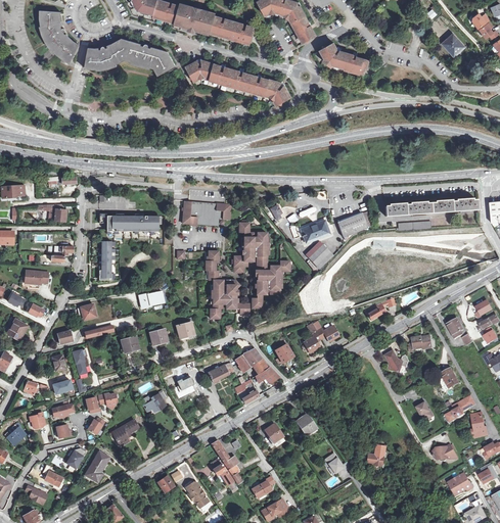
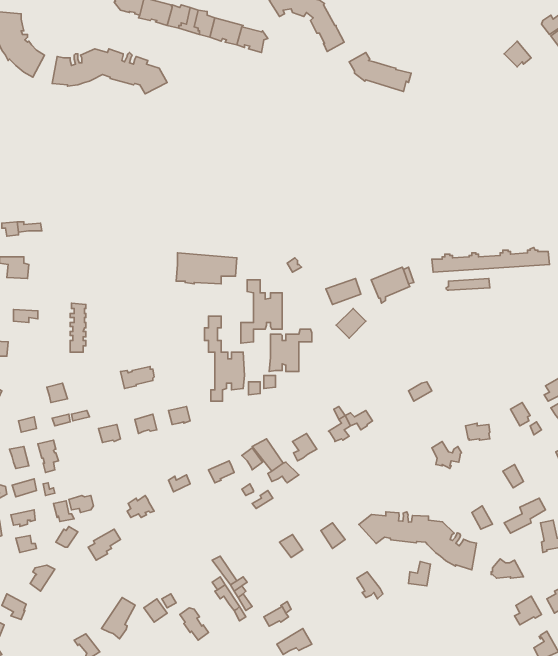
building: [186,61,288,104] -> none
building: [99,213,157,232] -> none
building: none -> [359,512,477,570]
building: [83,451,109,484] -> [101,597,135,639]

